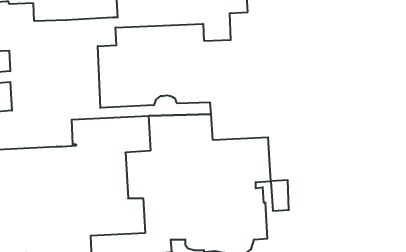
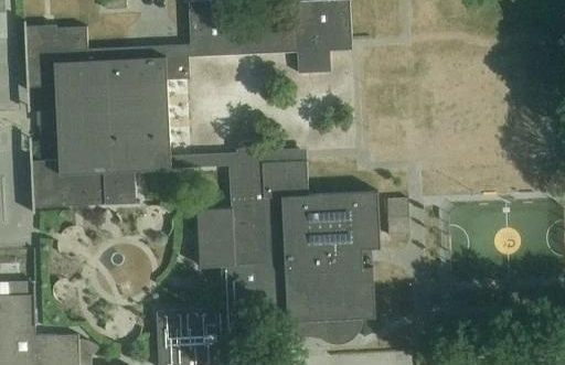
building: [271,180,289,211] -> [386,198,408,236]

